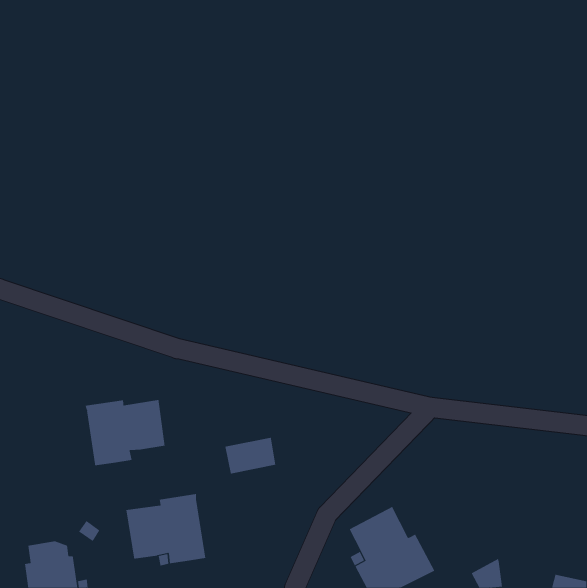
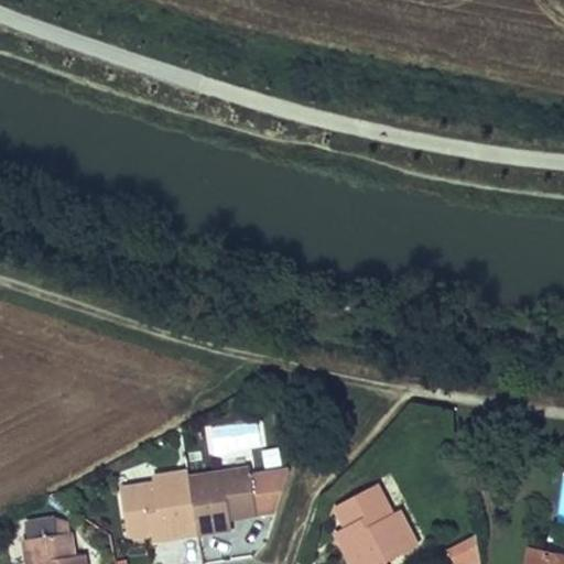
building: [85,399,165,466] -> none
building: none -> [188,469,289,534]

